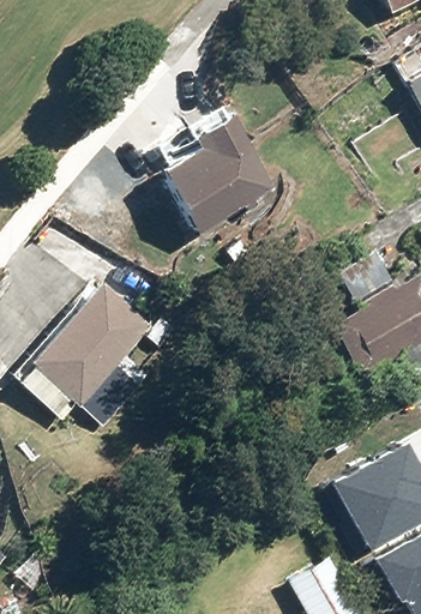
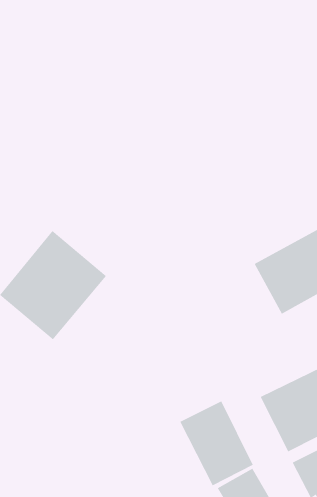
building: [156,122,267,235] -> none
building: none -> [180,400,253,486]

